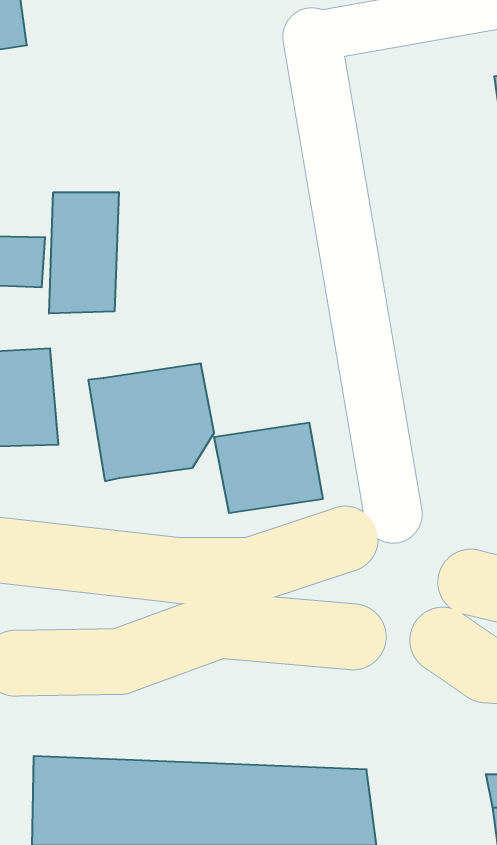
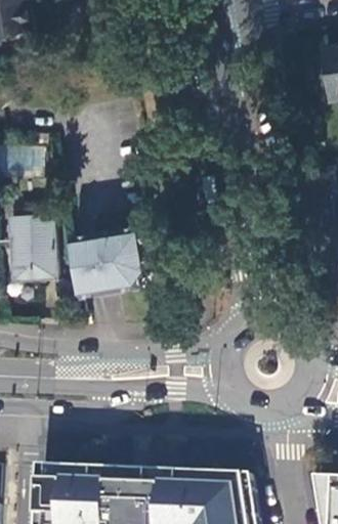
building: [49,192,119,314] -> none
building: [214,423,323,513] -> none

